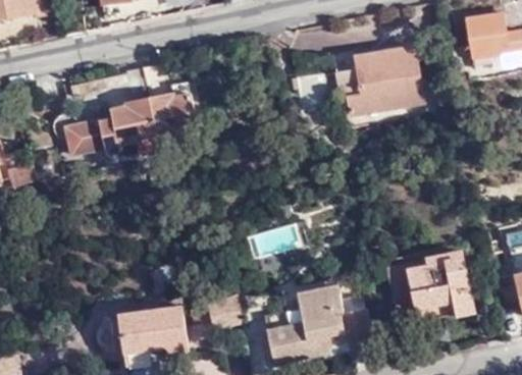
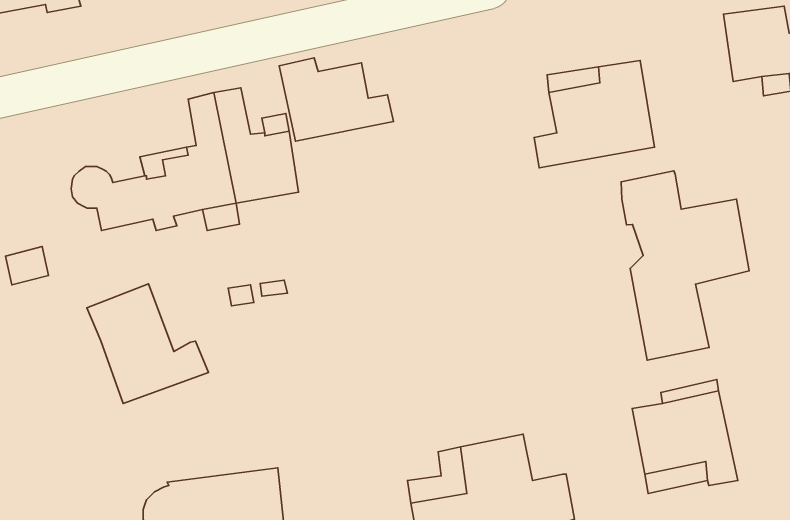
building: none -> [279,58,393,141]
building: none -> [621,171,749,360]
building: none -> [87,284,208,403]

